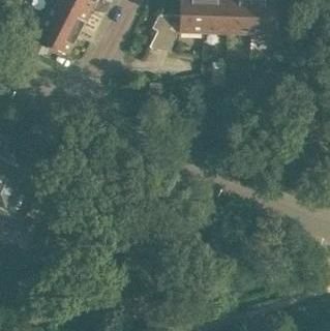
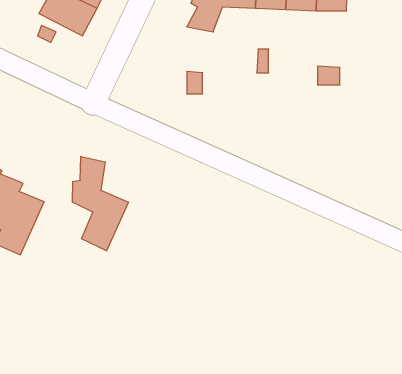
building: none -> [72,156,128,251]

